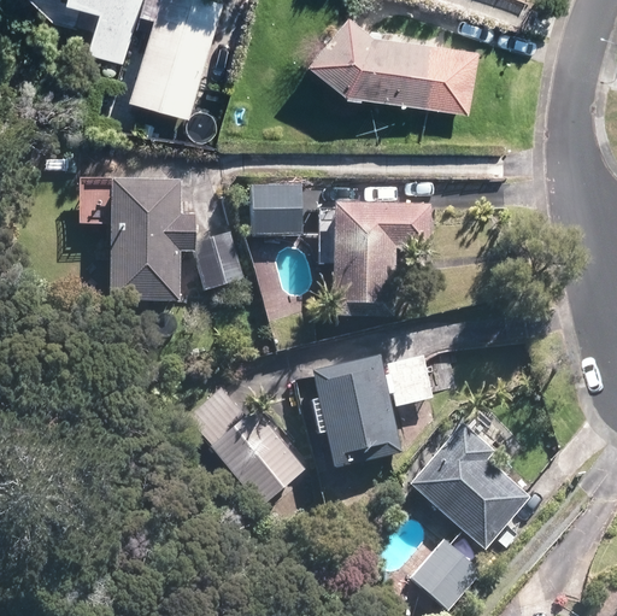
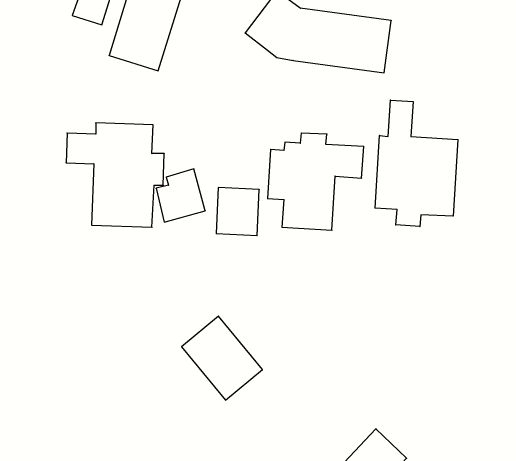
building: none -> [375,100,458,227]
building: [252,182,302,239] -> [216,188,259,236]
building: [316,354,429,463] -> none
building: [410,422,530,550] -> none

